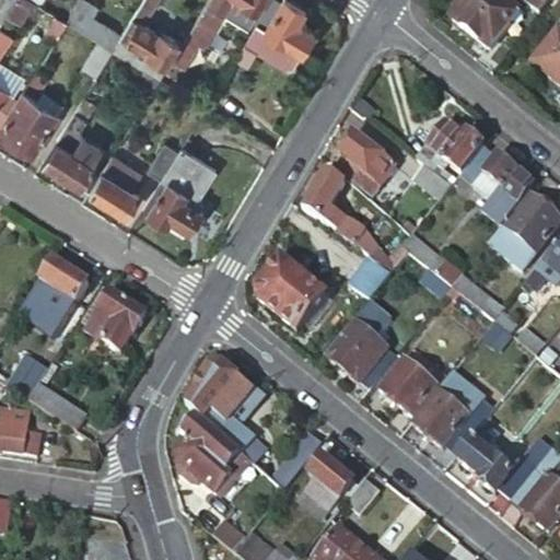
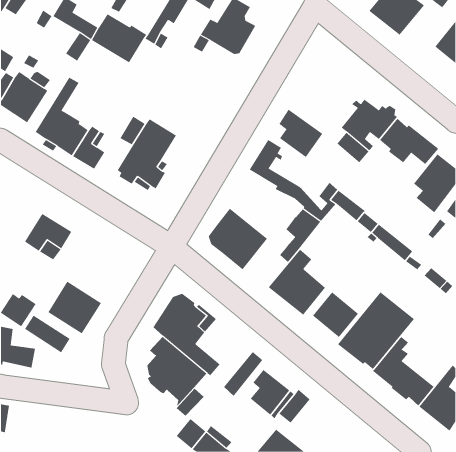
building: [80,290,147,355] -> [47,281,102,334]

